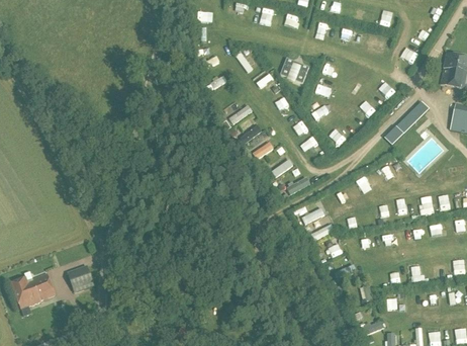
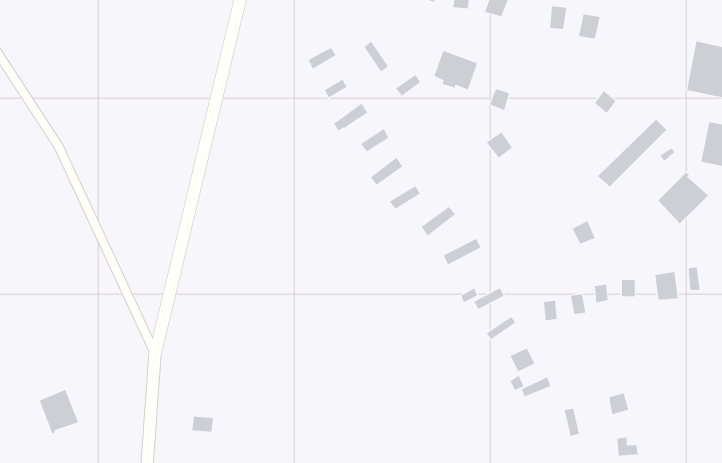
building: none -> [657,172,709,224]
building: [67,264,94,292] -> none
building: [10,276,37,308] -> none

